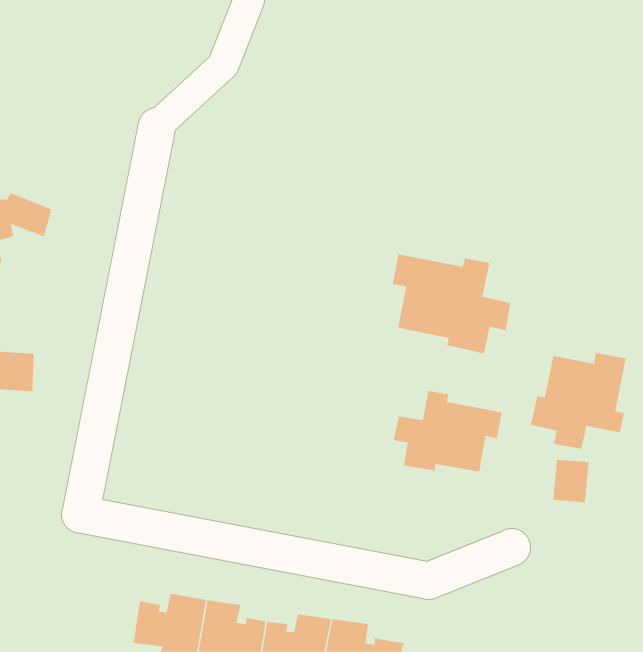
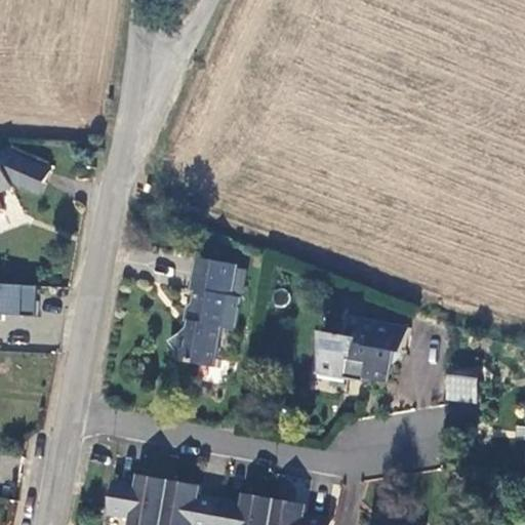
building: [392,254,511,354] -> none
building: none -> [167,260,237,366]
building: [530,352,626,449] -> none

